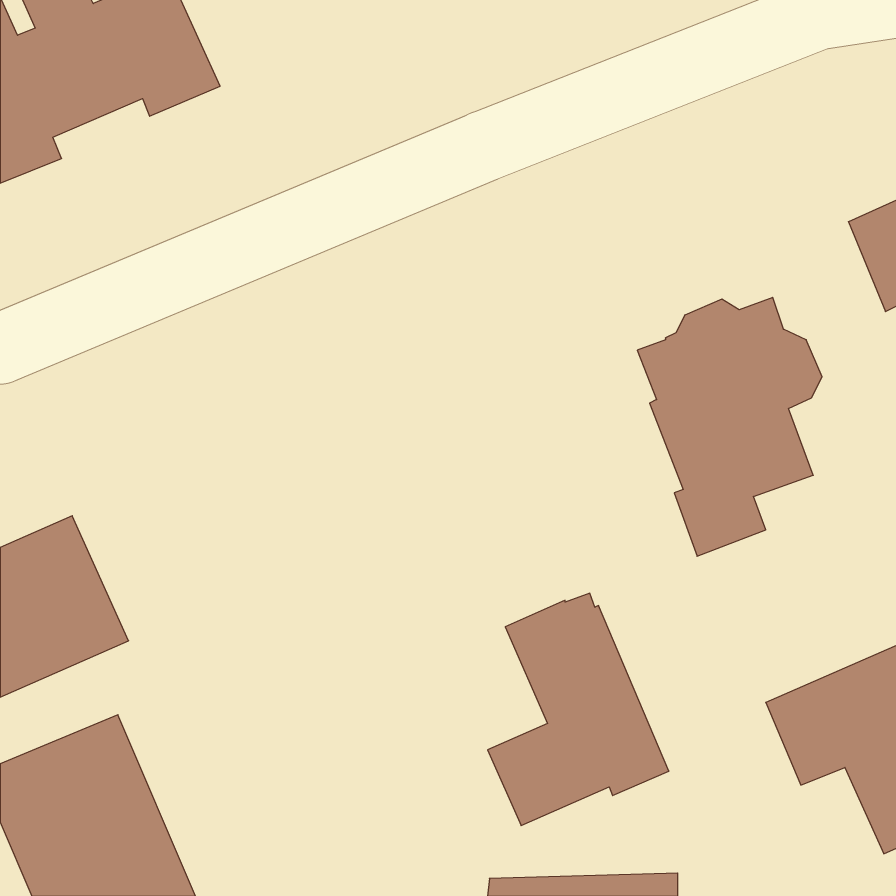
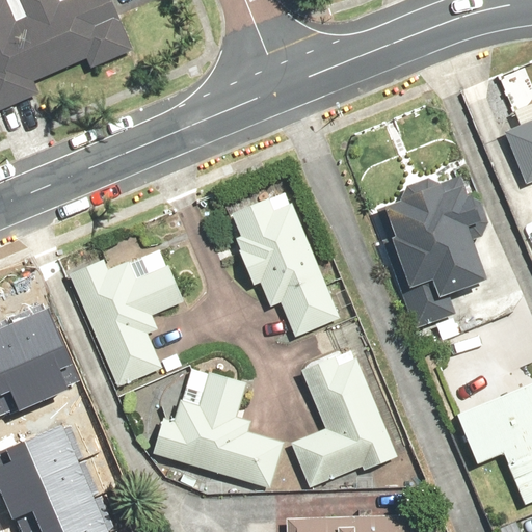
building: none -> [230,192,340,337]
building: none -> [69,249,181,387]
building: none -> [152,368,283,487]

